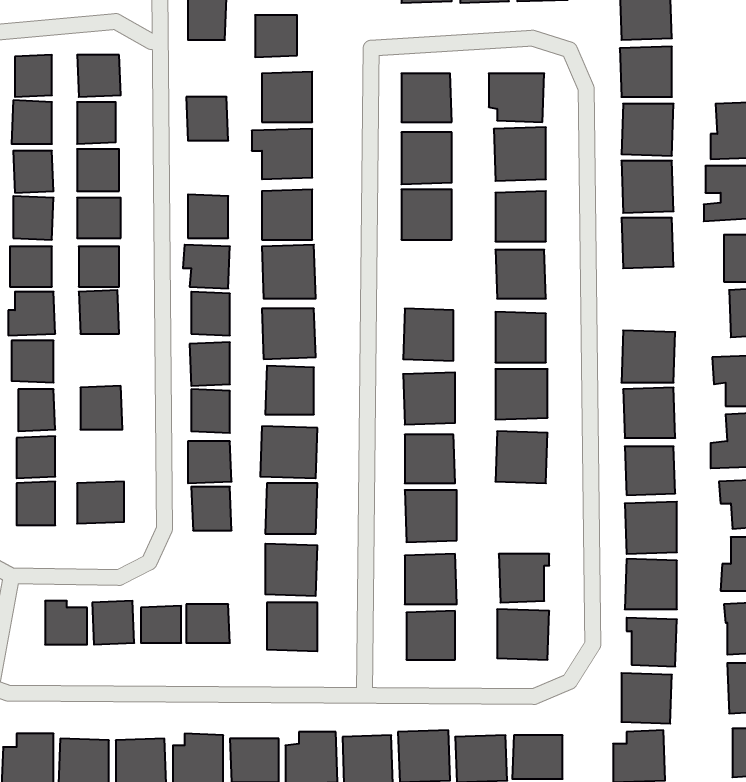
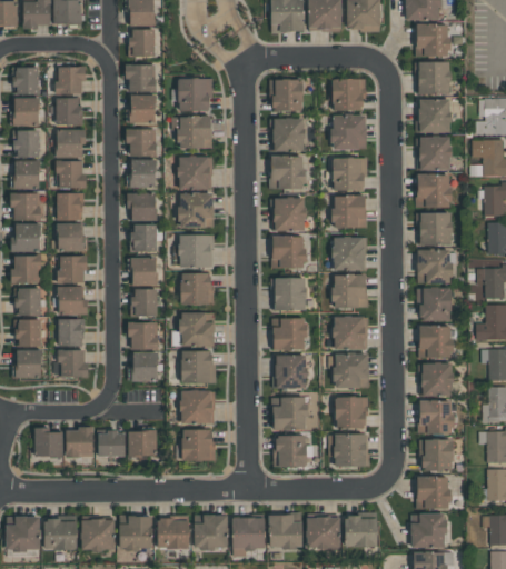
building: [255,15,297,57] -> [127,64,155,92]
building: none -> [125,129,156,157]
building: none -> [271,198,305,231]
building: none -> [416,212,452,246]
building: none -> [58,256,87,283]
building: none -> [58,319,85,346]
building: none -> [333,352,369,388]

